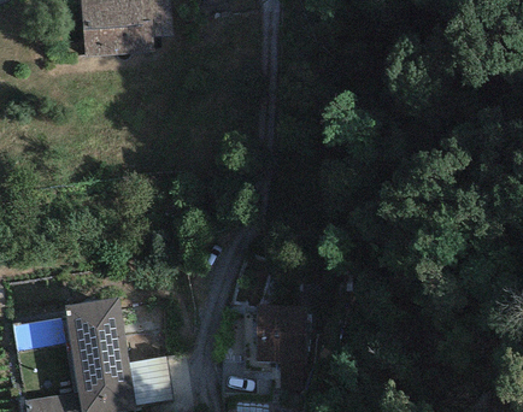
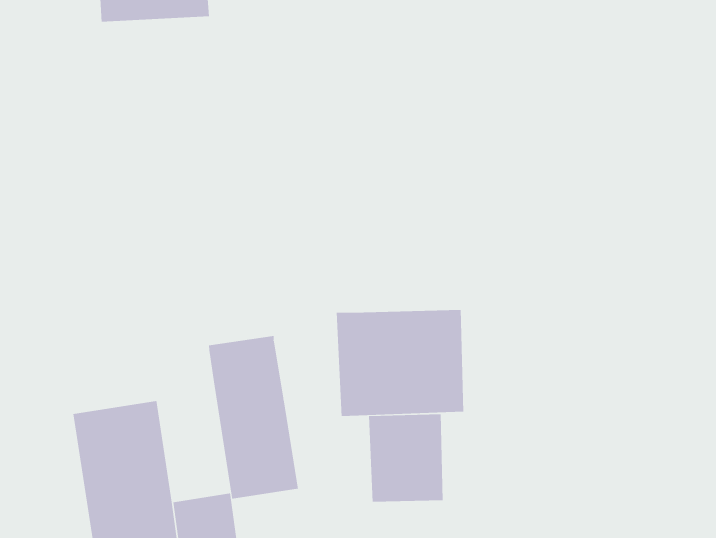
building: none -> [336,309,464,417]
building: none -> [209,335,299,500]

